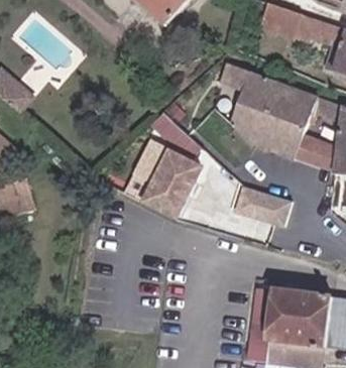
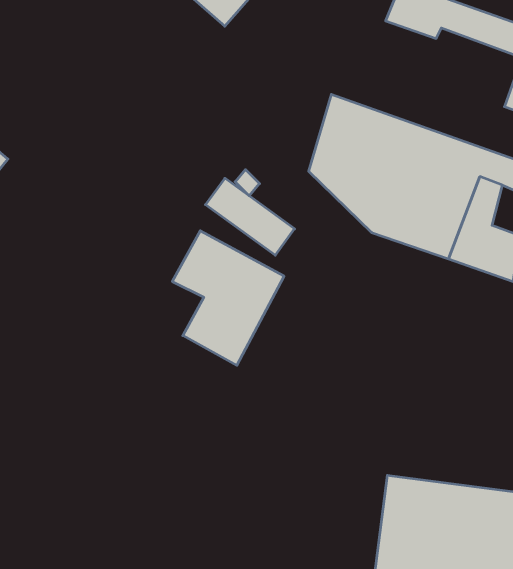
building: [233,186,289,225] -> none

